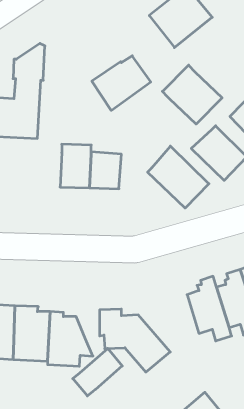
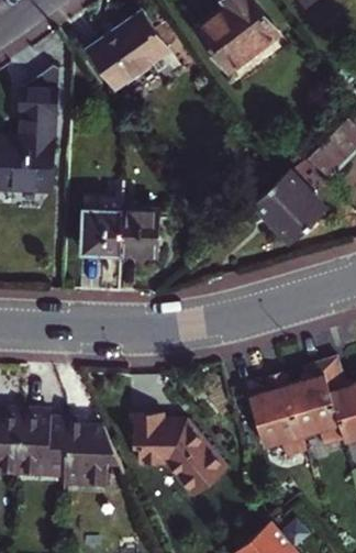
building: [92,56,151,110] -> [90,15,167,87]
building: [162,65,222,124] -> none
building: [148,146,209,208] -> none
building: [73,348,122,396] -> none

